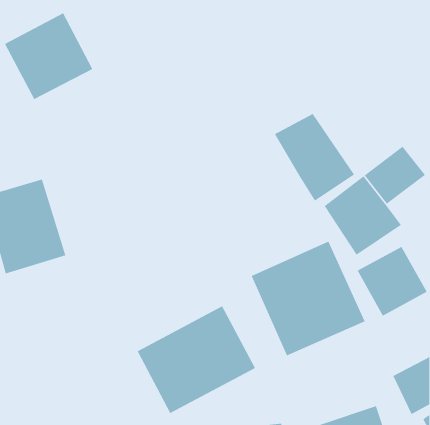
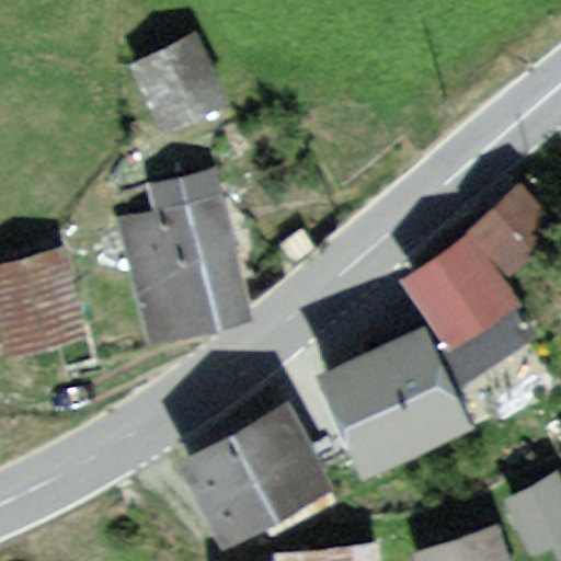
building: [4,12,93,100] -> [123,24,238,137]
building: [274,113,355,202] -> none
building: none -> [116,188,255,346]

